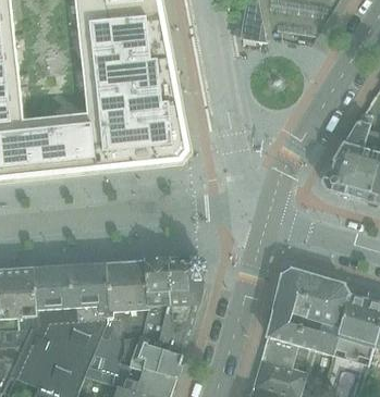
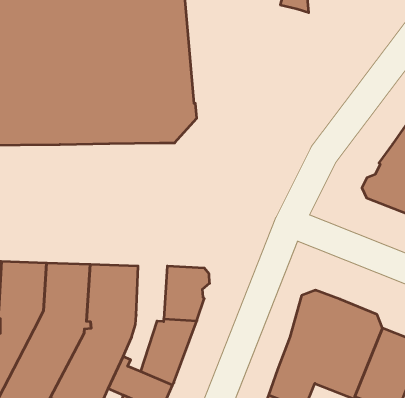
building: [140,260,171,348] -> none

